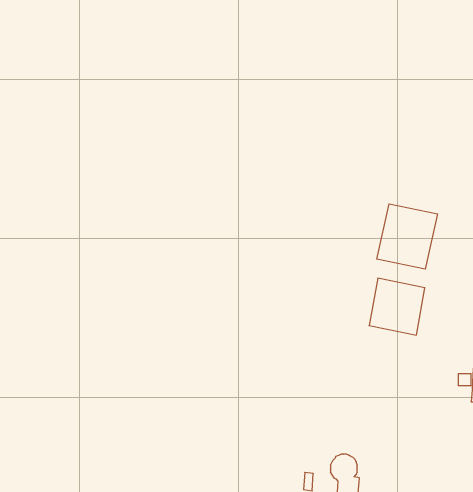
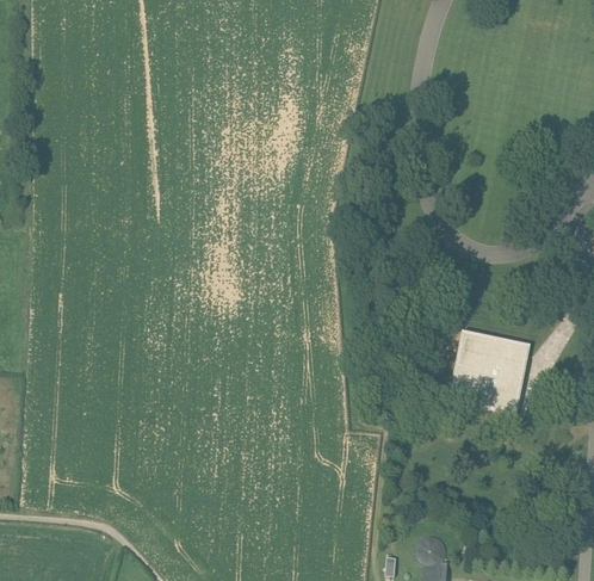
building: [377,204,438,269] -> none

